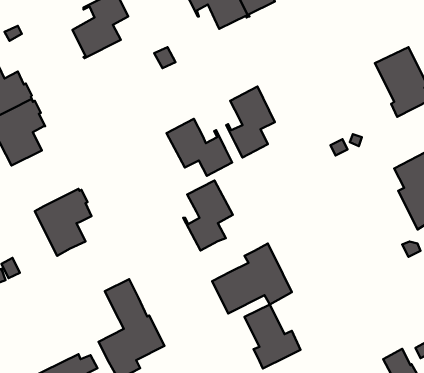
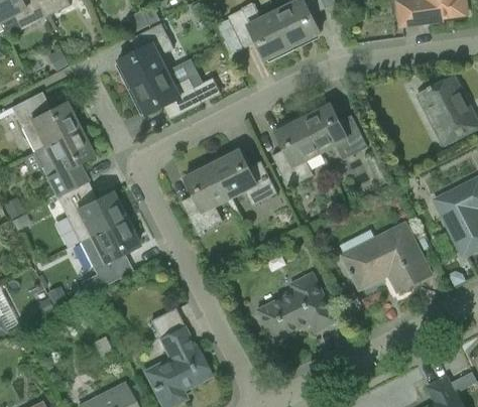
building: none -> [130,71,202,119]
building: none -> [303,104,368,159]
building: none -> [57,180,124,241]
building: [183,180,233,250] -> [181,163,230,233]
building: none -> [343,224,430,291]
building: [245,304,301,369] -> none

